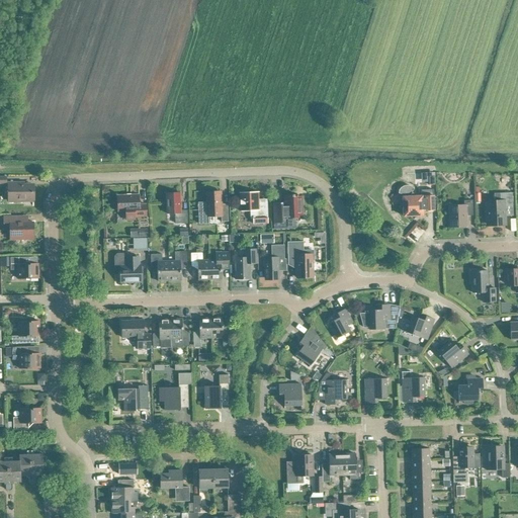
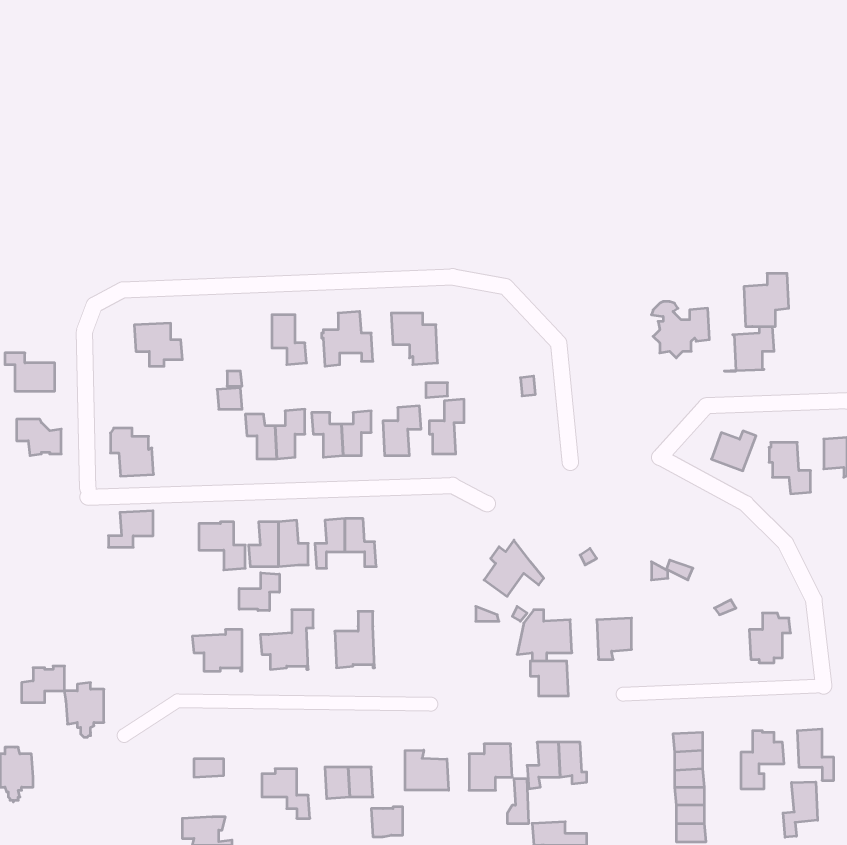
building: [8,182,33,205] -> none
building: [486,192,513,225] -> [744,273,789,326]
building: [116,193,146,220] -> [134,323,182,366]
building: [272,193,301,229] -> none
building: [287,241,314,276] -> none
building: [114,252,141,281] -> [110,428,154,476]
building: [359,301,399,329] -> none
building: [328,308,352,338] -> none
building: [407,315,434,339] -> [711,431,756,471]
building: [11,320,38,342] -> [108,511,153,547]
building: [436,337,468,367] -> none
building: [11,346,38,367] -> none
building: none -> [239,573,279,611]
building: [402,370,424,402] -> none
building: [278,383,301,405] -> [530,661,568,696]
building: [18,449,42,483] -> [64,683,104,737]
building: none -> [405,750,449,790]
building: none -> [783,782,818,837]
building: [111,479,134,500] -> none

